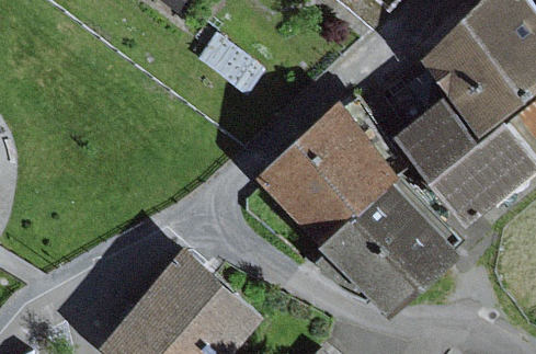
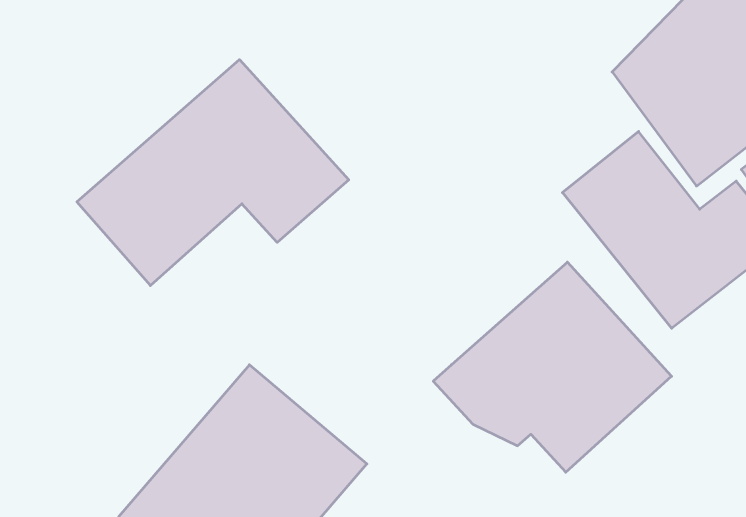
building: none -> [77,60,349,286]
building: [256,106,400,248] -> none

